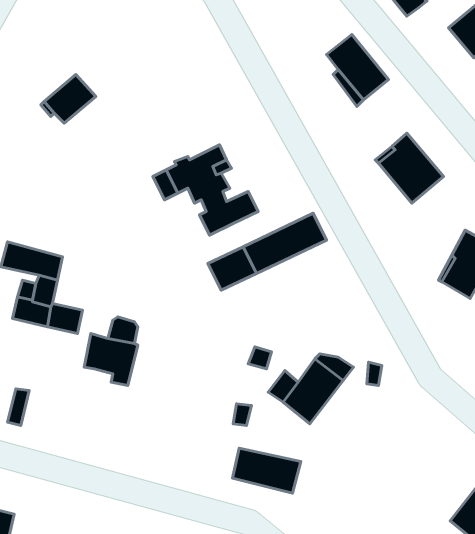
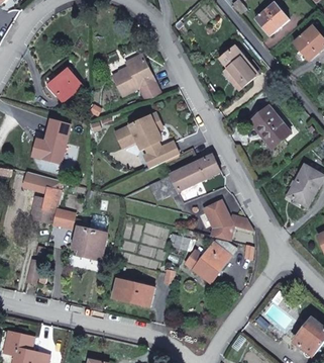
building: none -> [112,55,160,100]
building: none -> [40,119,70,163]
building: none -> [203,200,253,240]
building: [232,448,301,493] -> [113,279,154,306]

